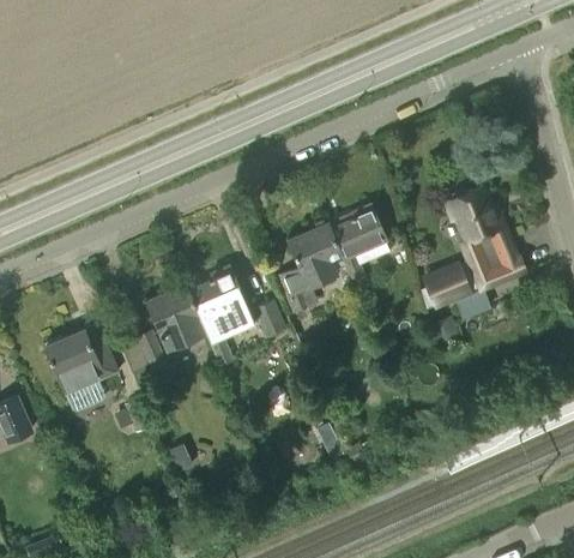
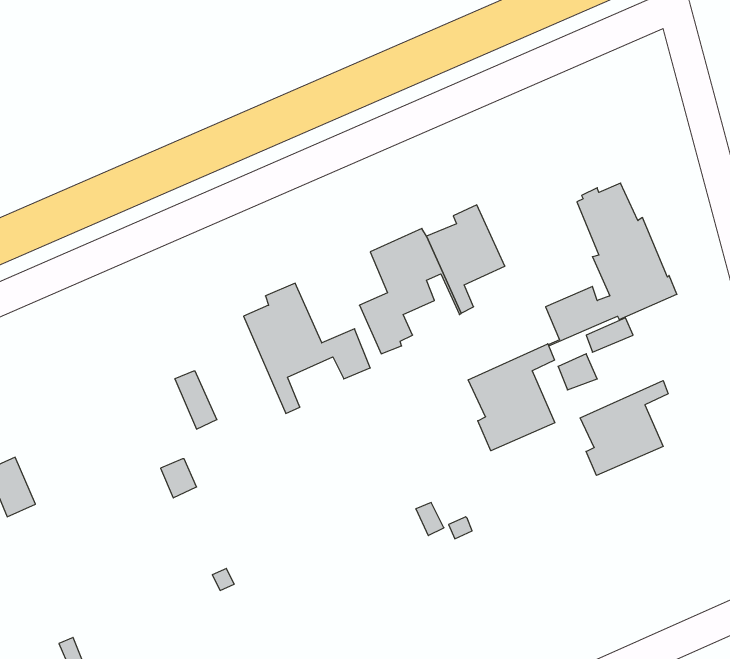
building: [143,282,222,364] -> none
building: none -> [468,344,555,451]
building: [43,322,120,410] -> none
building: none -> [580,381,668,475]

